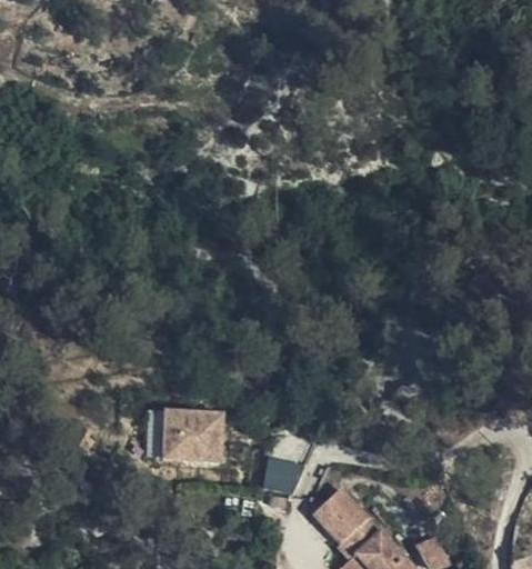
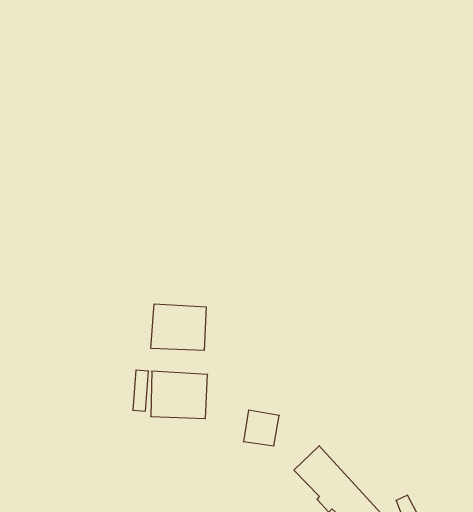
building: none -> [151,304,206,350]

